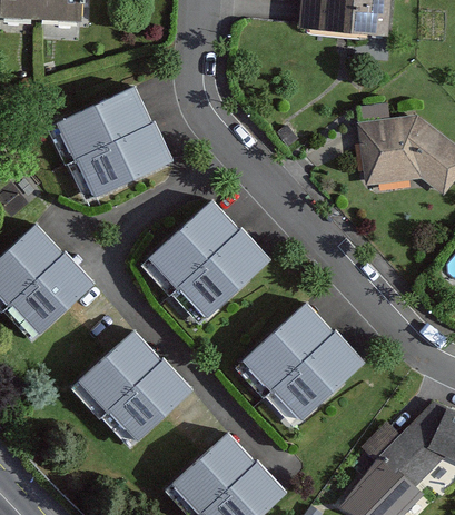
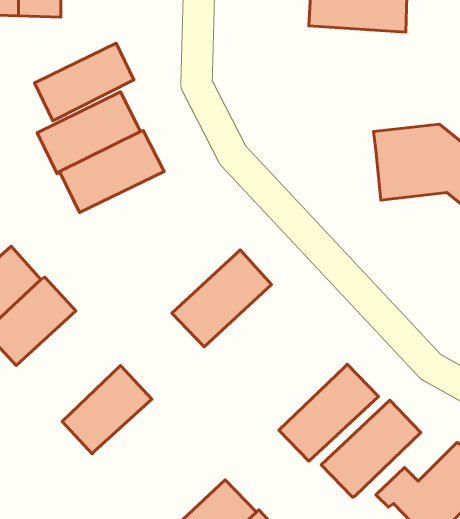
building: none -> [34,43,134,121]
building: [150,202,237,287] -> none
building: [244,304,333,390] -> [321,400,421,497]
building: [109,359,190,438] -> none

